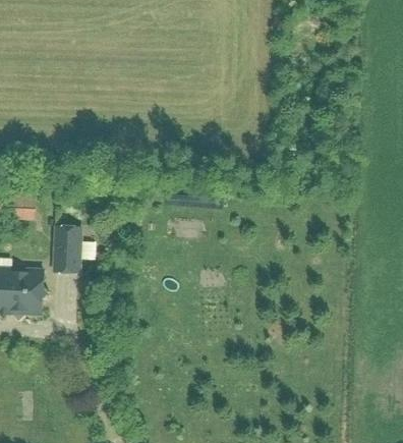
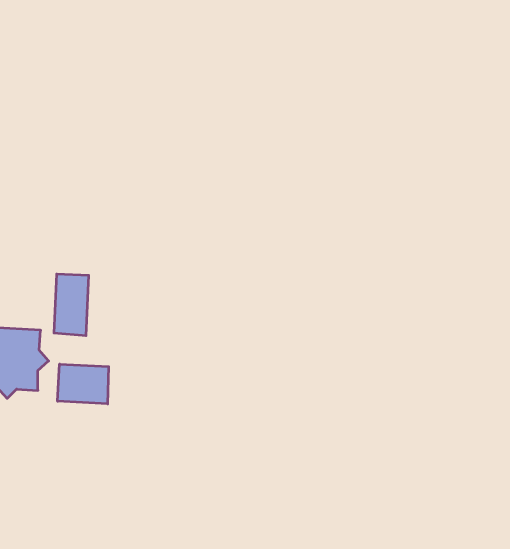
building: none -> [58,364,109,404]

